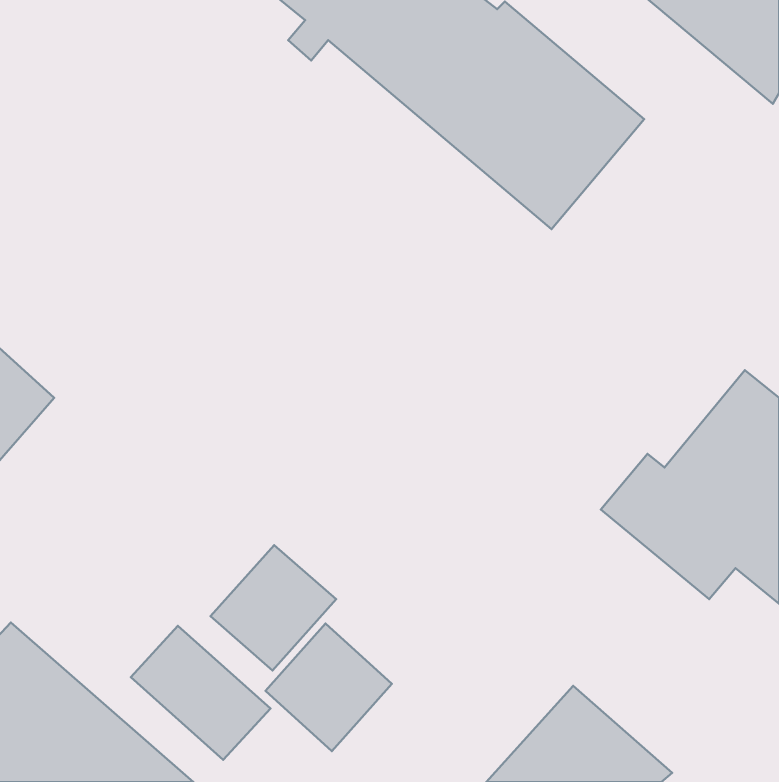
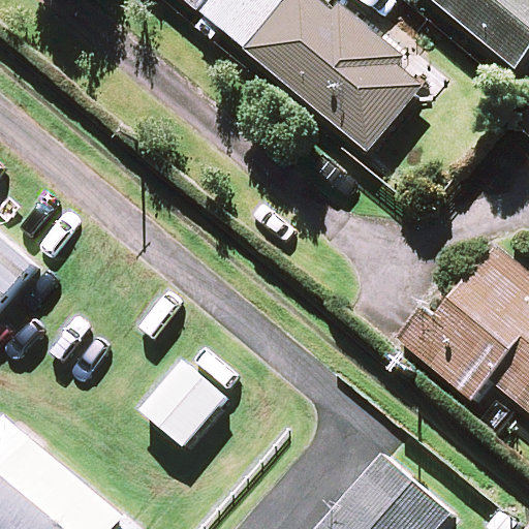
building: [266,624,392,751] -> none
building: [131,626,270,760] -> none

